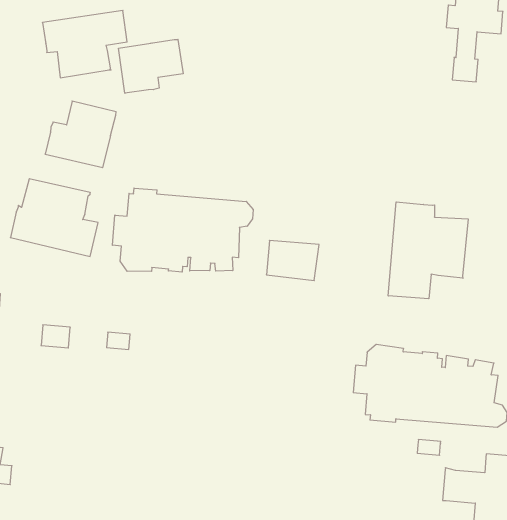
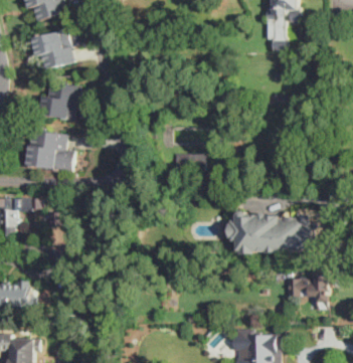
building: [119,39,183,93] -> none
building: [112,188,253,272] -> none
building: [388,202,468,299] -> none

